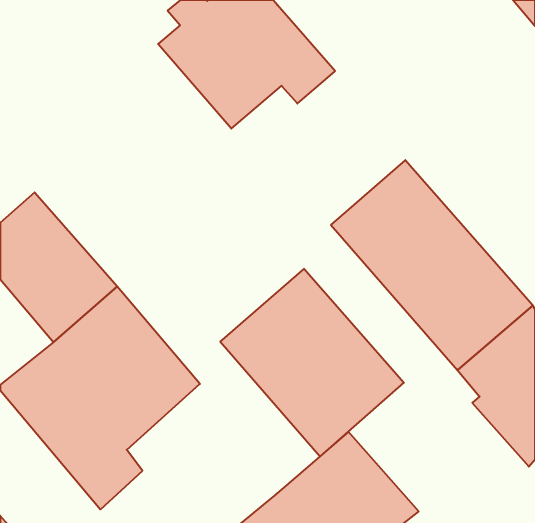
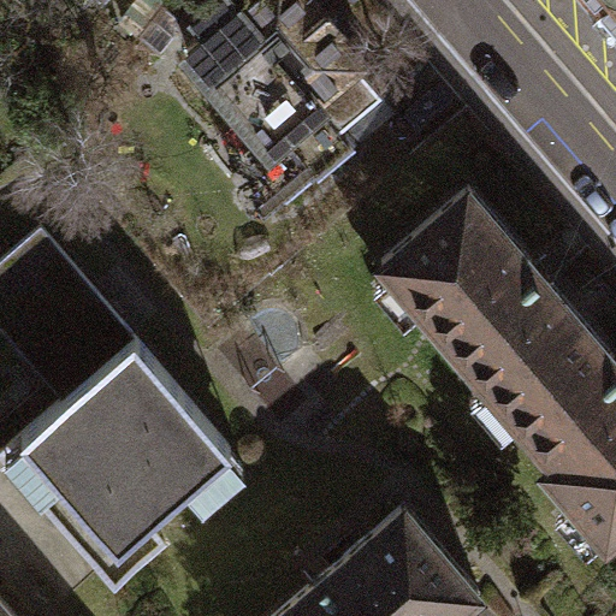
building: [220,269,404,457] -> none

